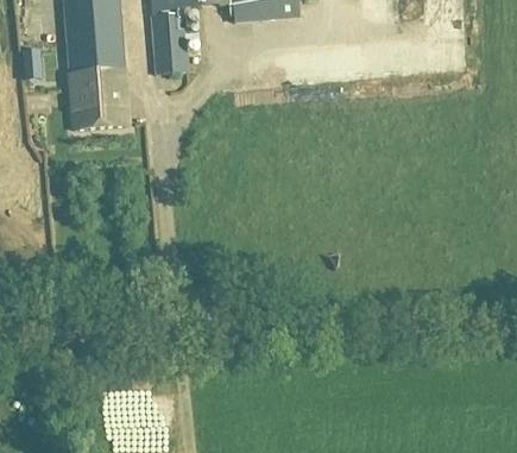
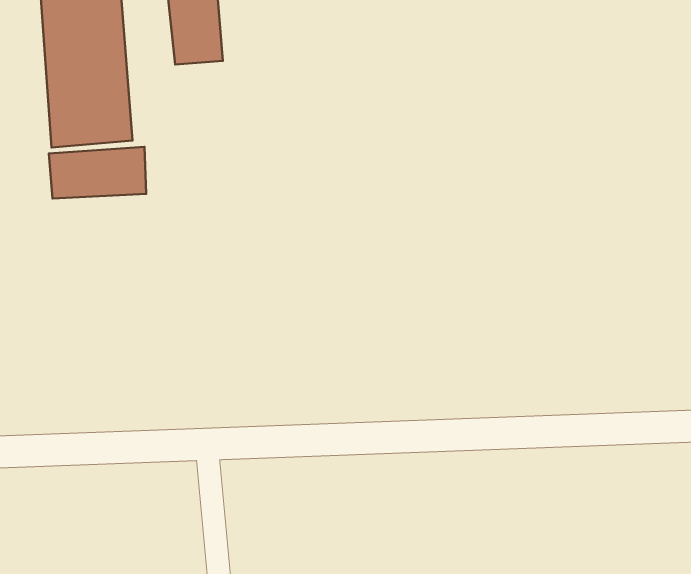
building: none -> [49,147,146,199]

